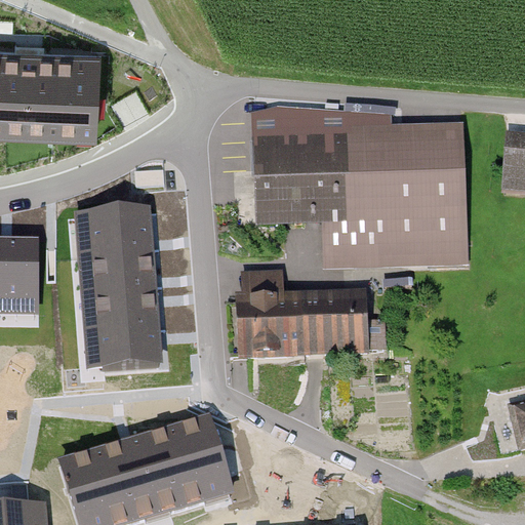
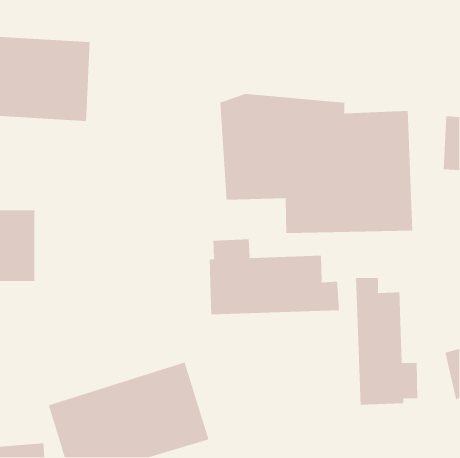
building: [72,207,166,375] -> none
building: none -> [355,277,418,405]

